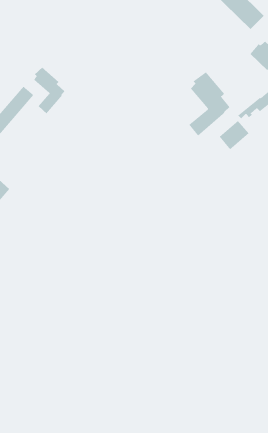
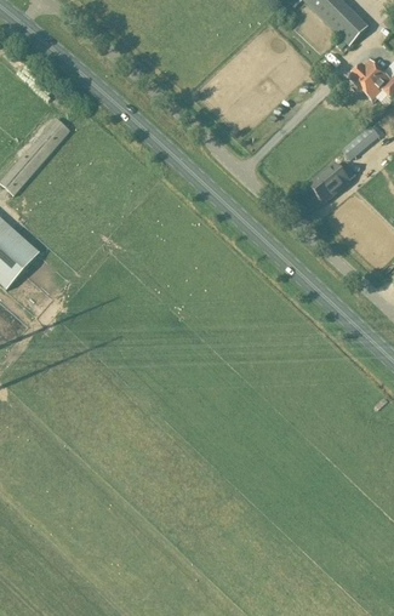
building: [33,67,65,114] -> none
building: [189,71,230,136] -> none

